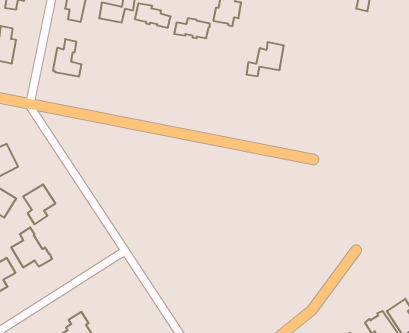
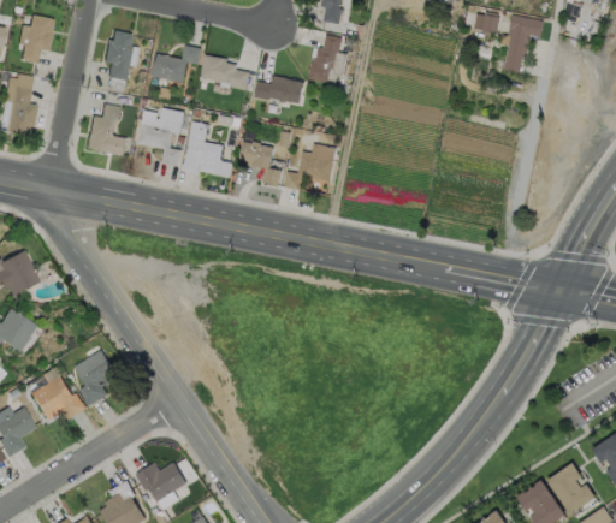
building: none -> [137,107,184,167]
building: [246,42,284,76] -> [284,143,336,190]
building: none -> [183,121,223,174]
building: none -> [239,142,280,185]
building: [23,184,55,224] -> [73,350,118,405]
building: none -> [135,463,186,501]

